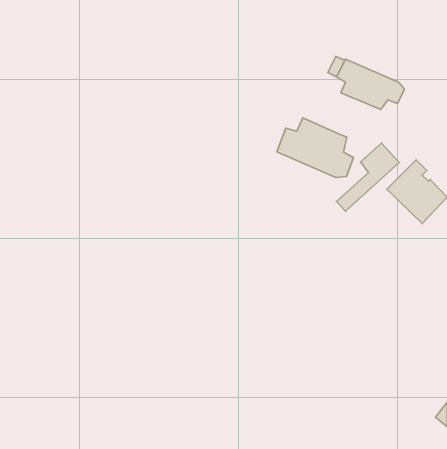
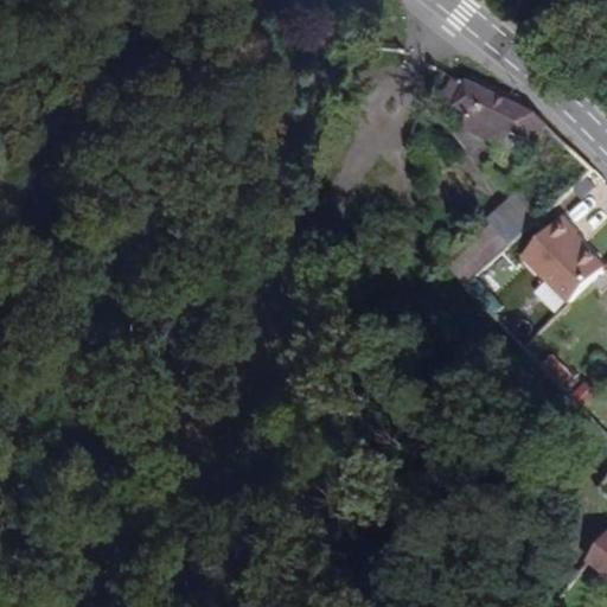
building: [277,118,354,178] -> none

